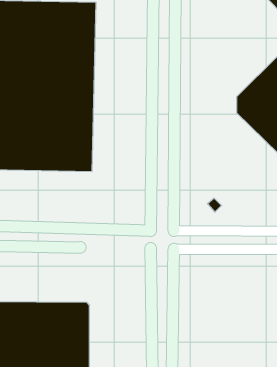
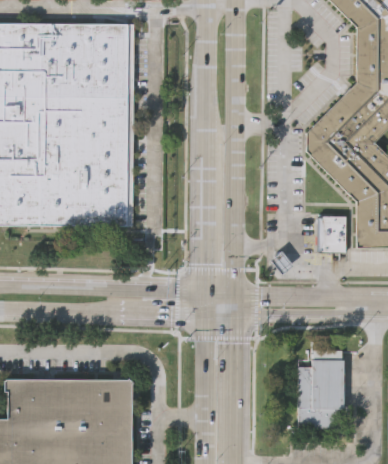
building: none -> [319,217,348,253]
building: none -> [298,359,344,427]

